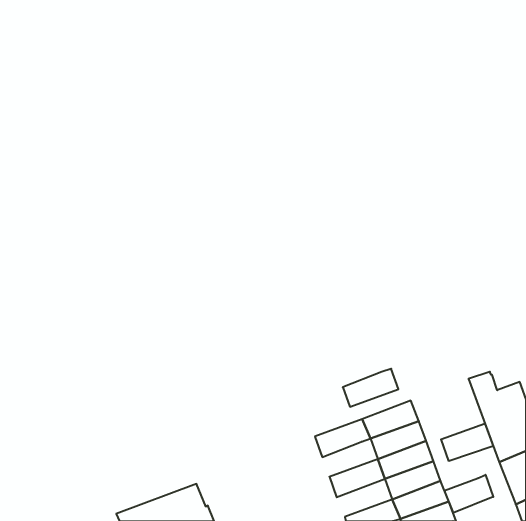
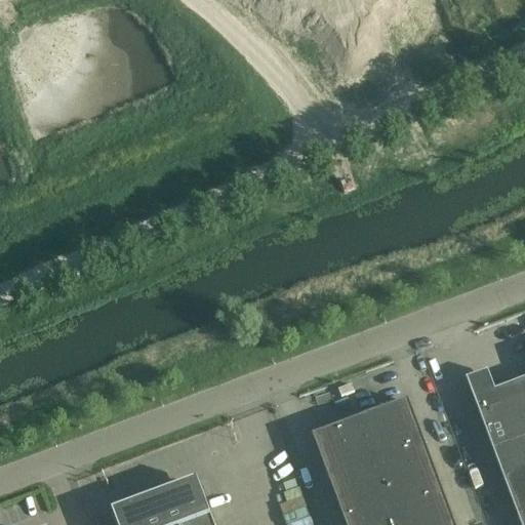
building: [343,369,398,407] -> [321,437,376,475]
building: [441,423,493,461] -> none
building: [444,475,493,513] -> none
building: none -> [335,477,391,515]

